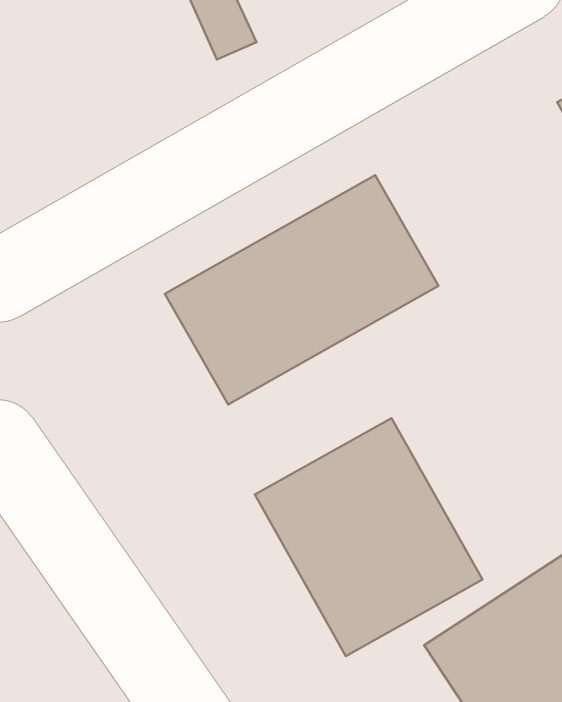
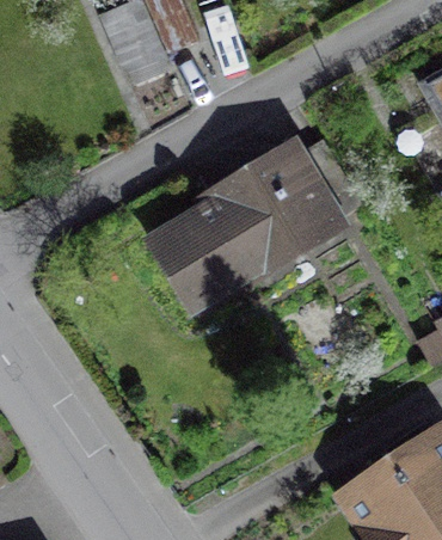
building: [255,418,483,656] -> none

